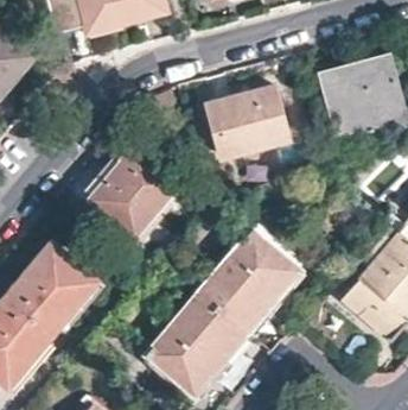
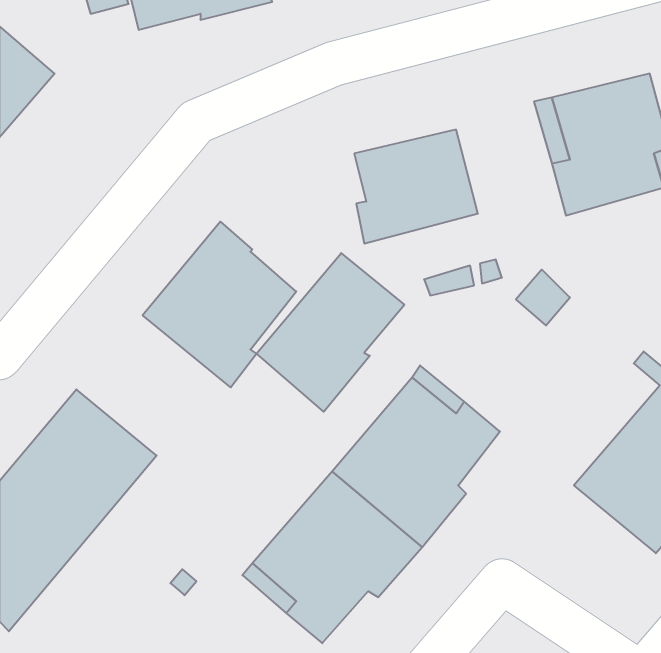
building: none -> [256,253,404,412]

